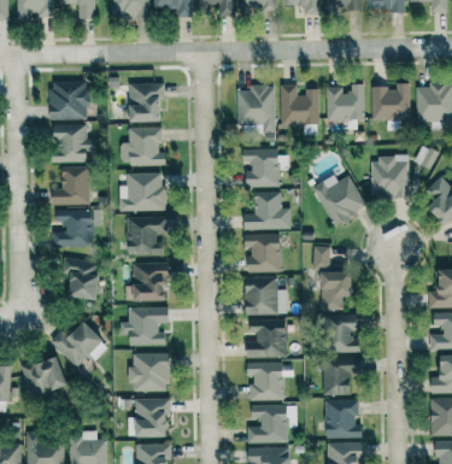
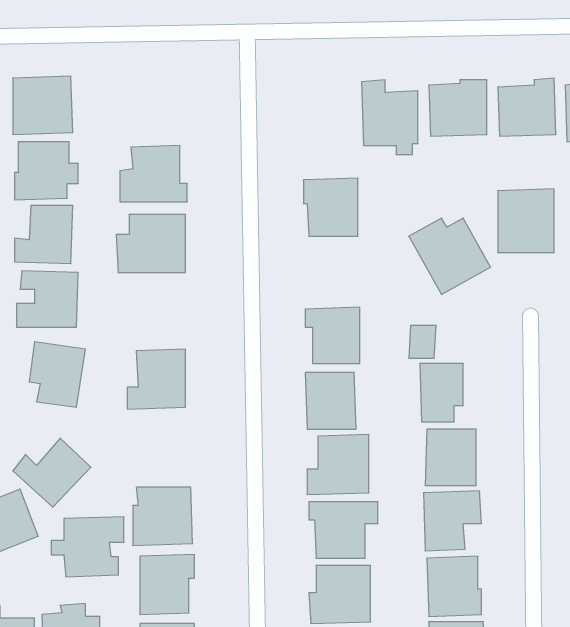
building: [128,82,164,122] -> none
building: [236,84,275,133] -> none
building: [242,192,290,229] -> none
building: [127,217,163,254] -> none
building: [119,306,168,346] -> [51,517,124,577]

